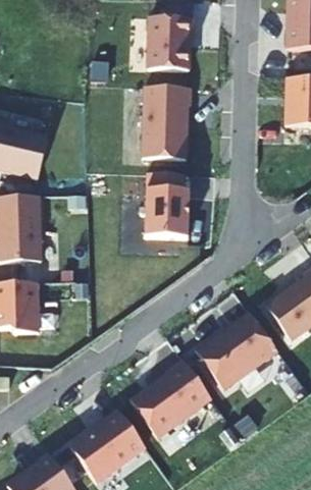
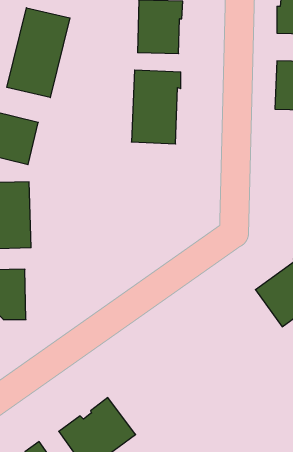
building: none -> [7,8,70,98]
building: [144,171,189,236] -> none
building: [195,311,277,389] -> none
building: [131,359,211,436] -> none

